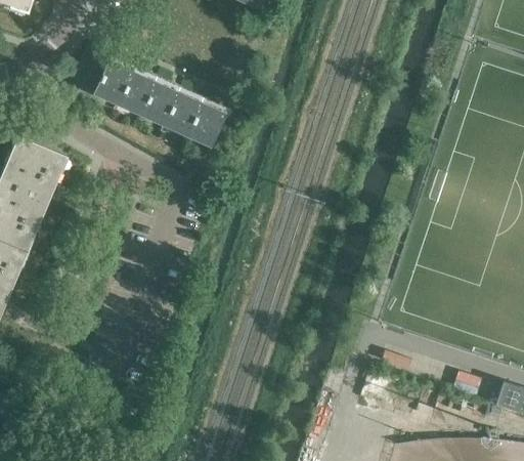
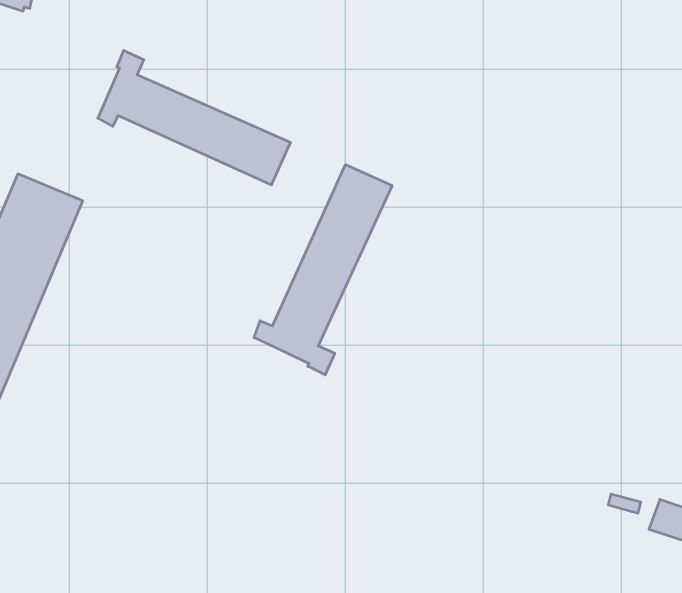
building: none -> [254,165,392,375]

